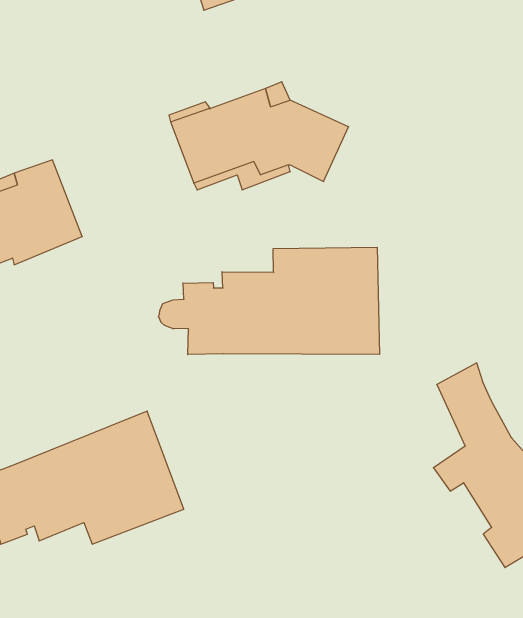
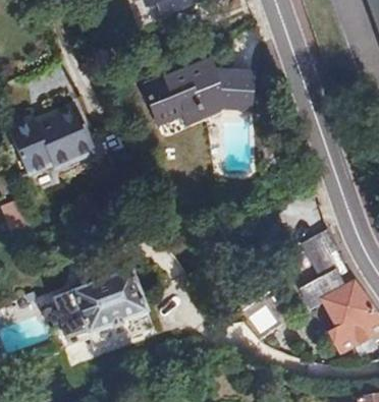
building: [159,247,379,355] -> none

